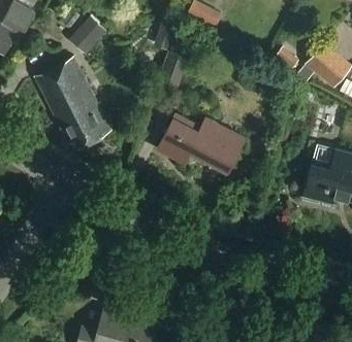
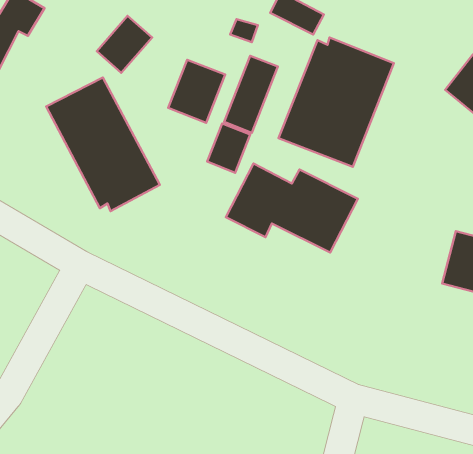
building: none -> [279,37,394,167]
building: none -> [168,60,225,123]
building: none -> [207,124,250,173]

